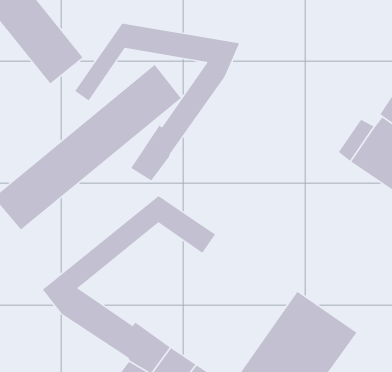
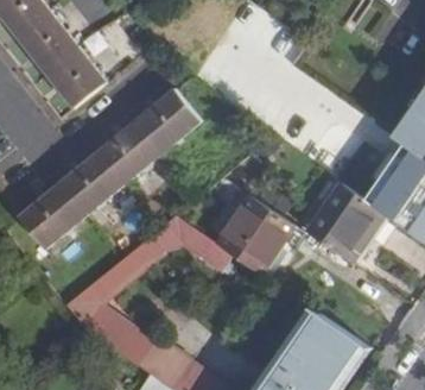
building: [74,23,240,182] -> none
building: none -> [306,183,385,262]
building: none -> [220,196,294,272]

